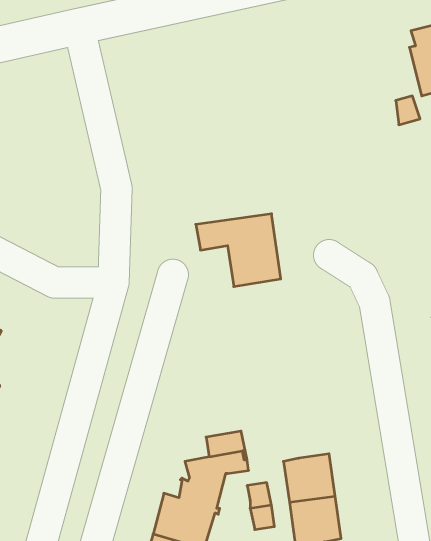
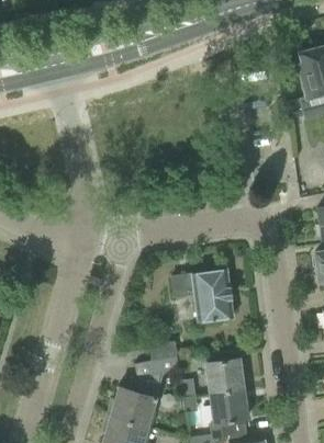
building: [196,214,281,287] -> [171,270,233,322]

